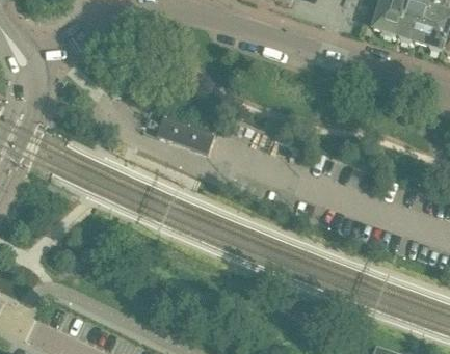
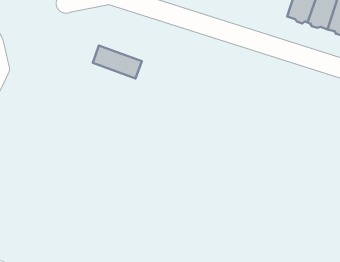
building: [157,114,215,154] -> [93,45,142,79]

